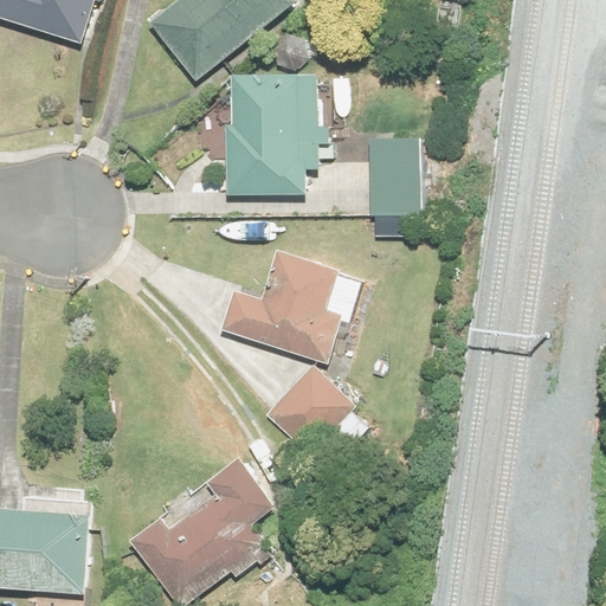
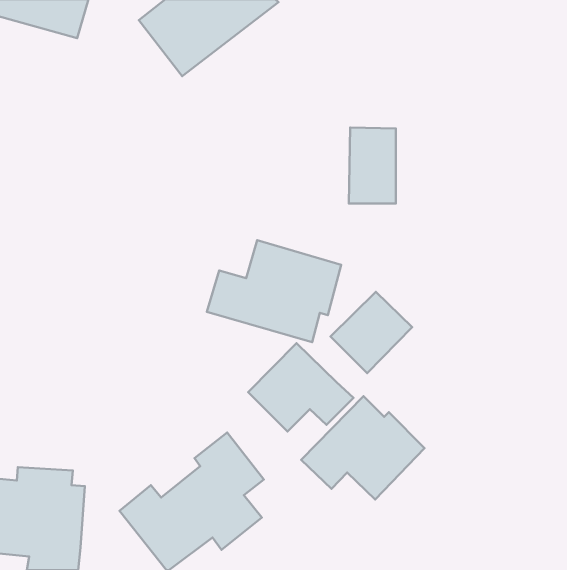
building: [226,72,331,194] -> none
building: none -> [330,292,412,373]
building: none -> [301,396,425,499]

